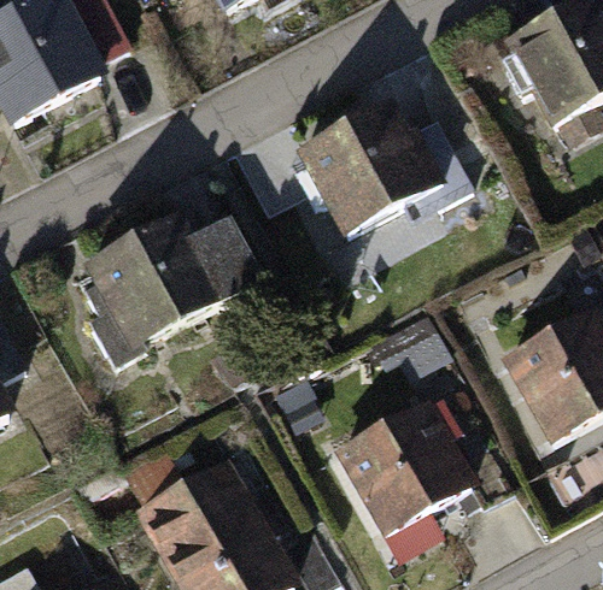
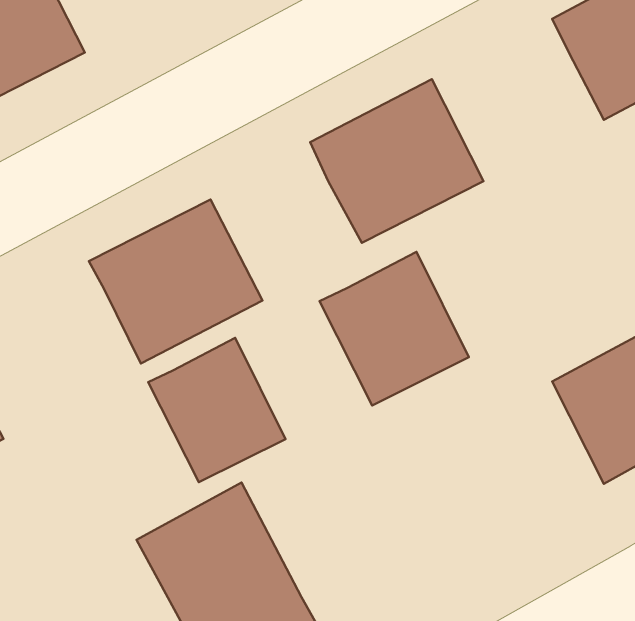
building: none -> [319,252,469,405]
building: none -> [148,338,285,482]
building: [346,394,497,535] -> none

